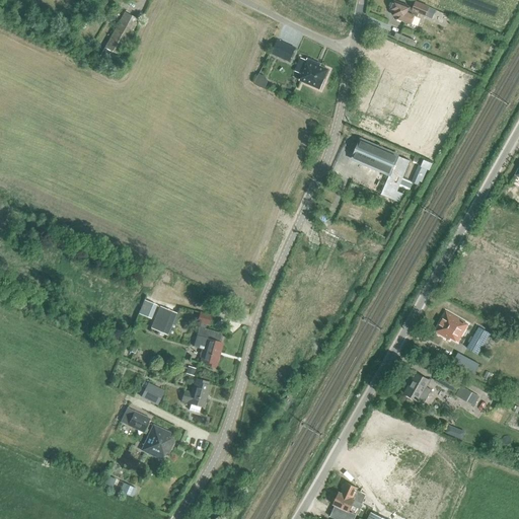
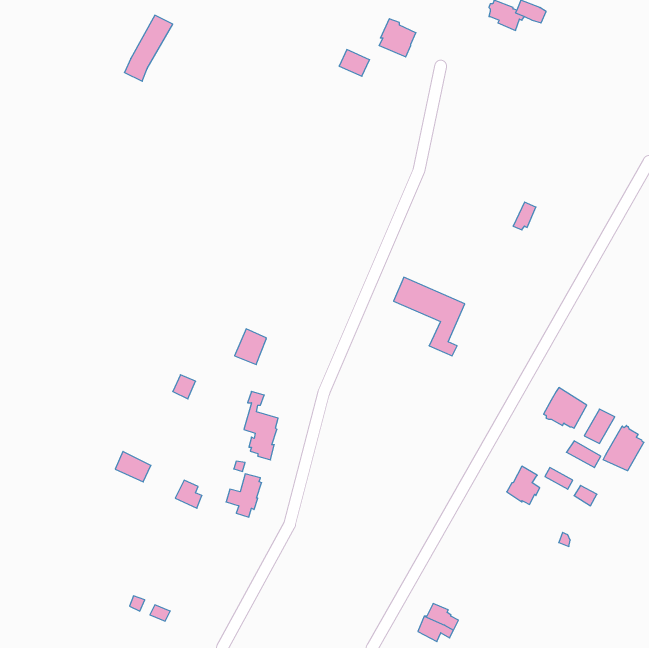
building: [299,58,328,88] -> [379,19,416,57]
building: [353,139,410,202] -> [394,277,465,356]
building: [150,306,175,335] -> [235,329,266,365]
building: none -> [603,425,644,471]
building: [121,407,149,432] -> [115,451,151,482]
building: [140,424,174,459] -> none

